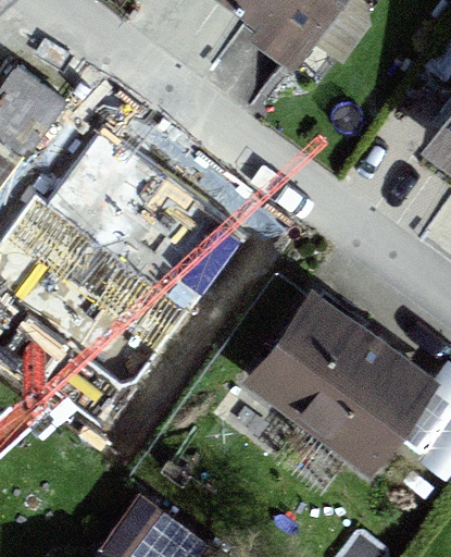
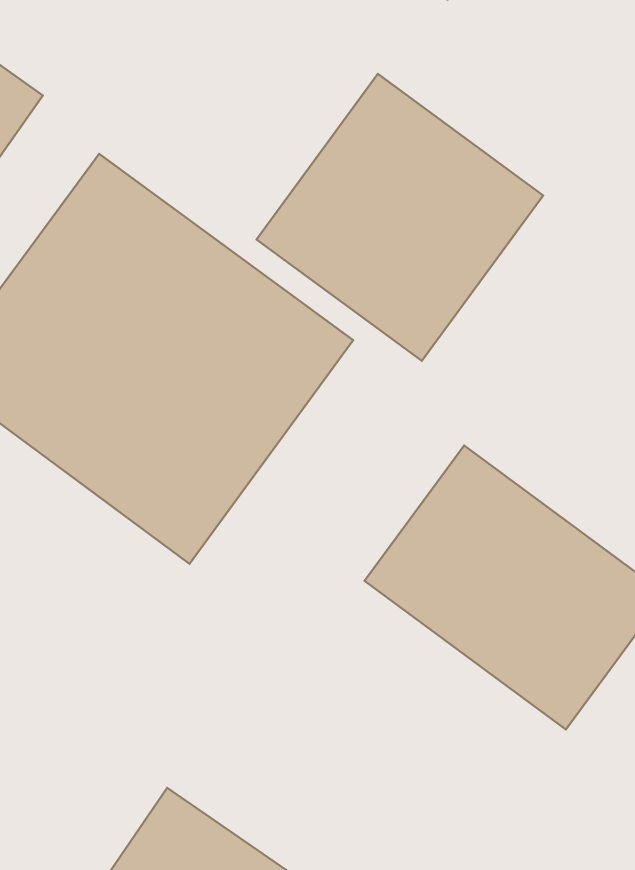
building: none -> [256,74,543,361]

